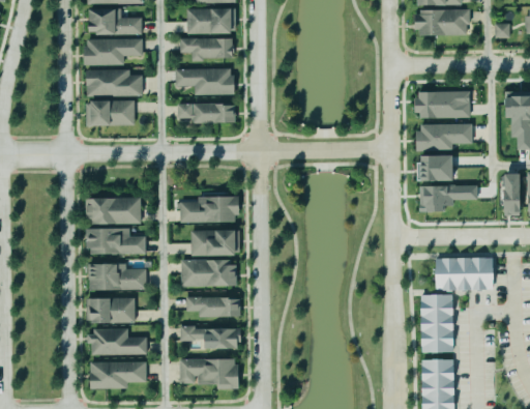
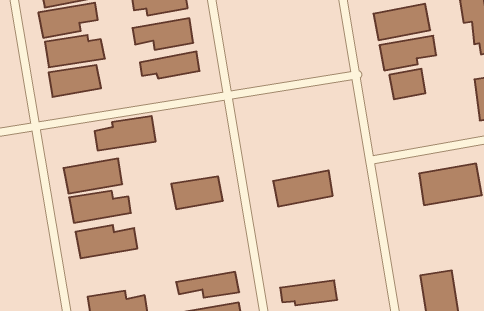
building: [419,184,477,211] -> none
building: [179,196,238,222] -> [95,116,156,150]
building: [180,259,237,287] -> [273,170,333,206]
building: [421,294,454,352] -> none
building: [185,296,240,317] -> [280,280,337,305]
building: [85,297,135,323] -> none

